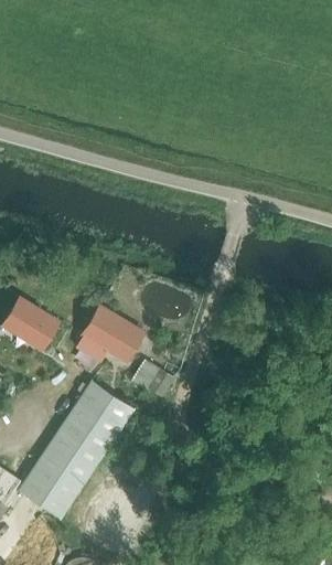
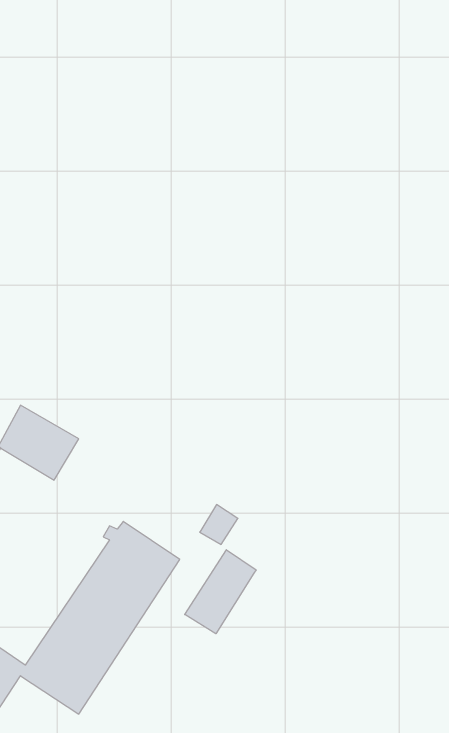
building: [77,306,143,363] -> none
building: none -> [185,550,256,634]

